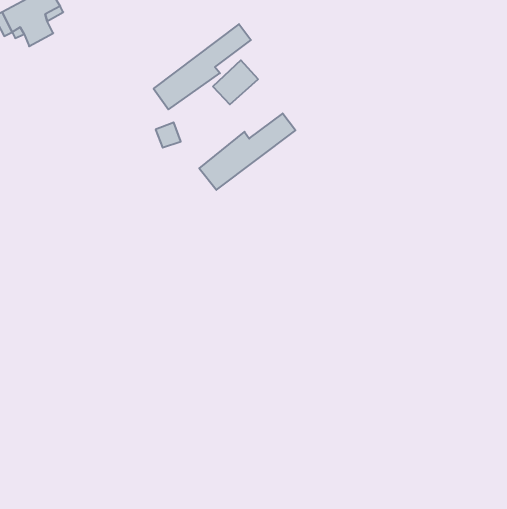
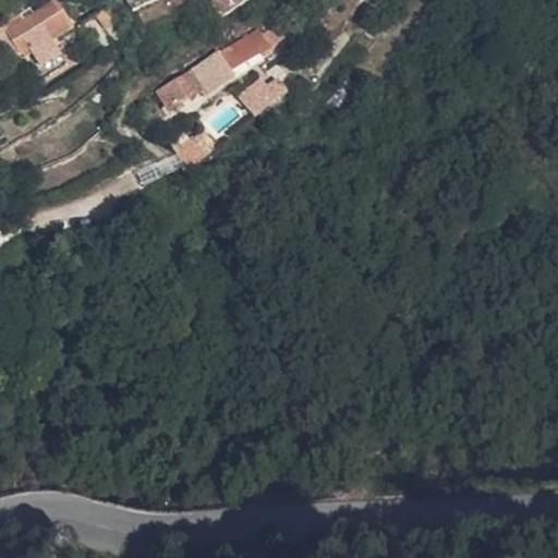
building: [199,113,295,190] -> none

